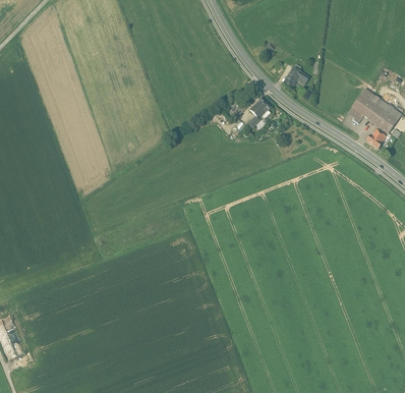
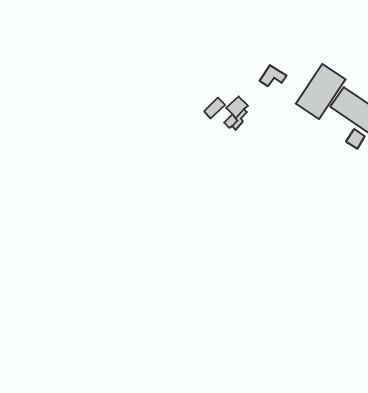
building: none -> [296,64,346,119]

